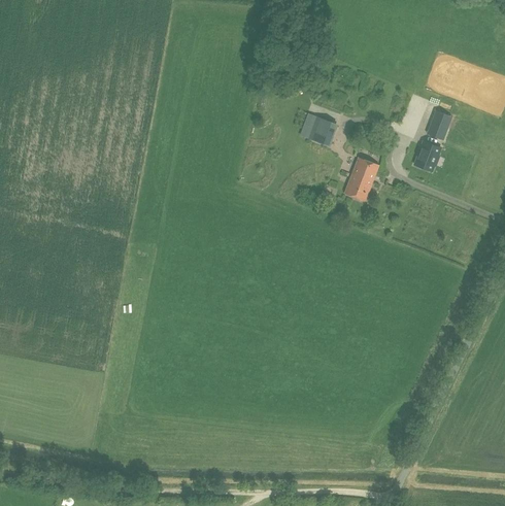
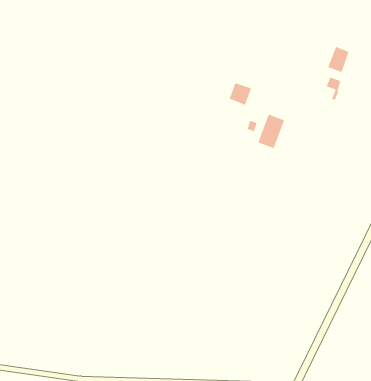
building: none -> [327,46,349,73]
building: [412,142,439,172] -> none

